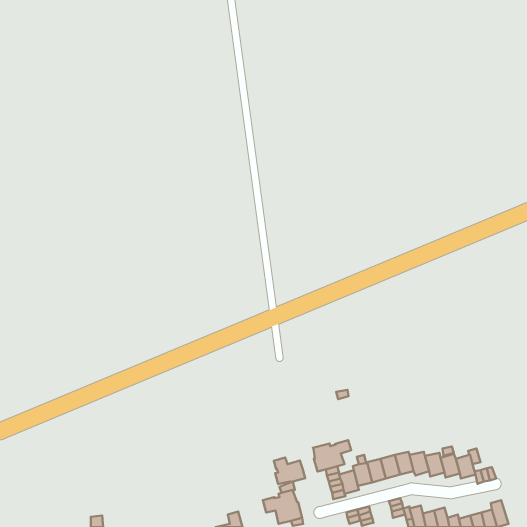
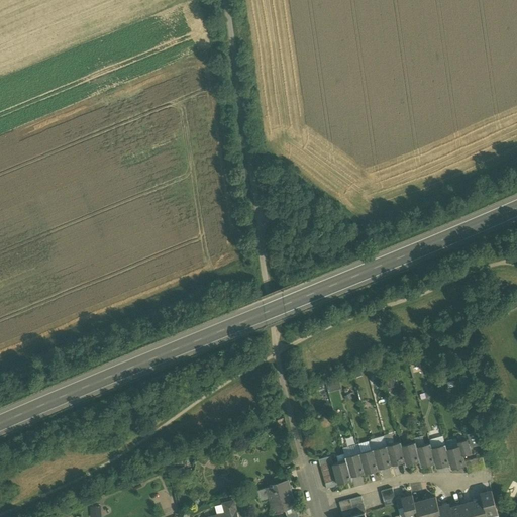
building: [313,440,351,471] -> none
building: [274,457,305,484] -> none

